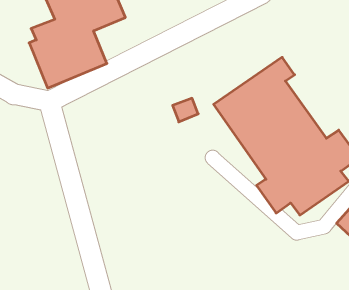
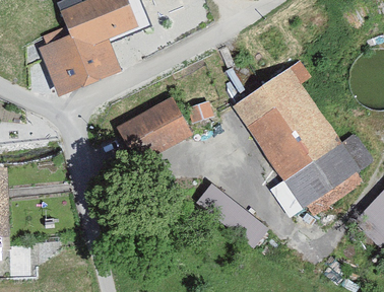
building: none -> [113,100,186,163]
building: none -> [195,187,261,244]

